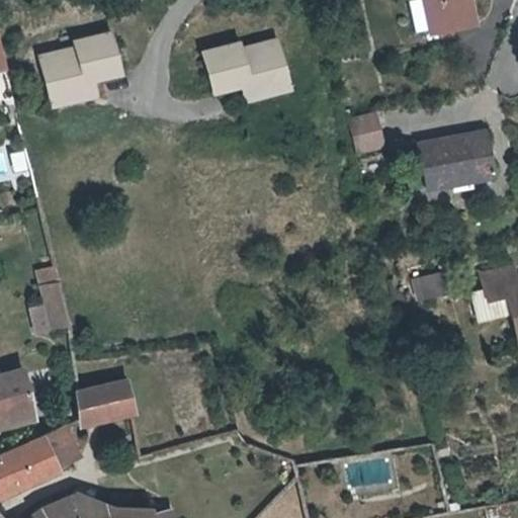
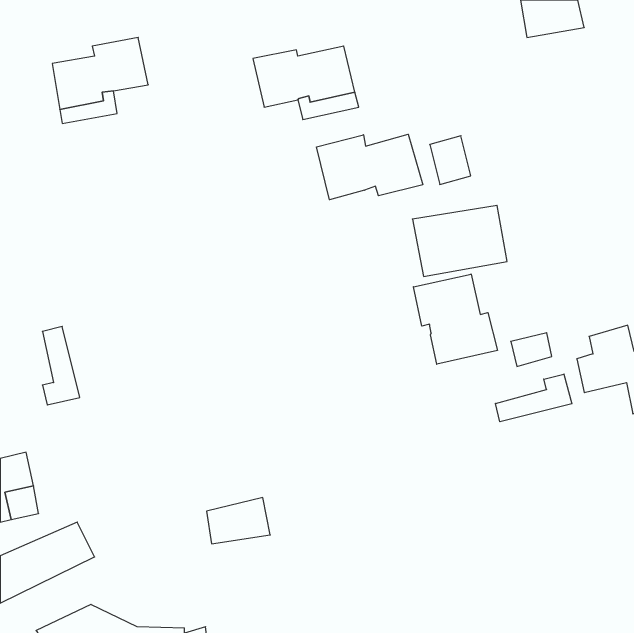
building: none -> [317,134,423,200]
building: [414,127,491,185] -> [412,205,507,276]
building: none -> [413,274,497,364]
building: none -> [495,374,572,422]
building: [78,383,130,421] -> [207,498,270,544]

